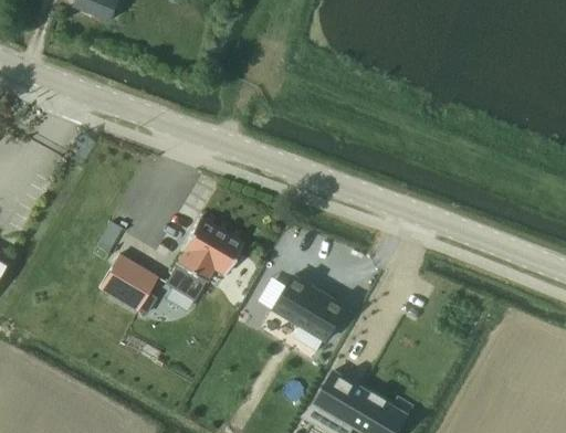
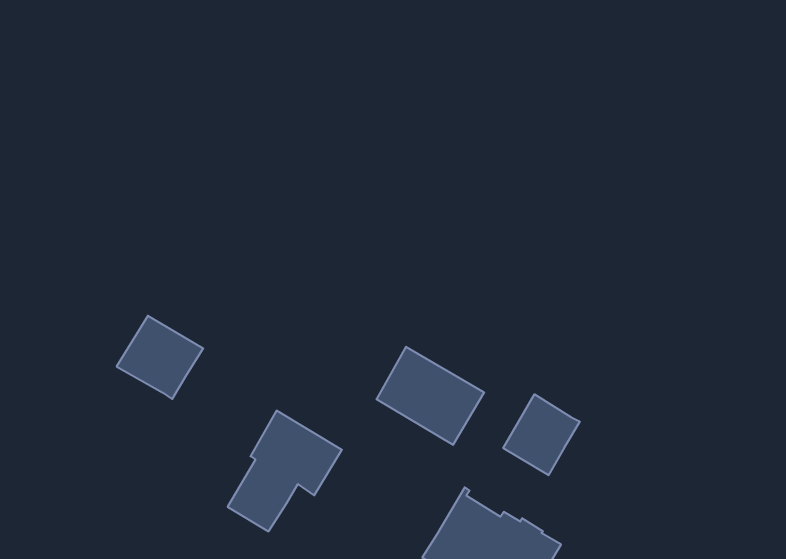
building: [167,219,244,300] -> [228,411,342,531]
building: none -> [503,394,580,475]

